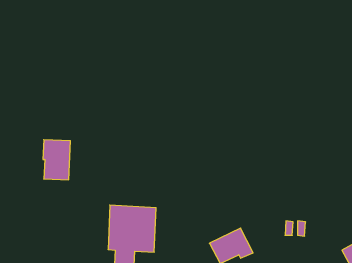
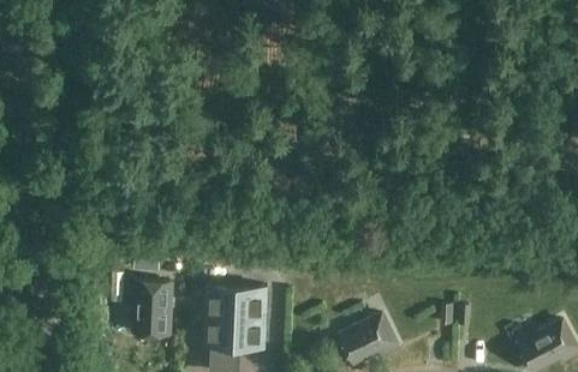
building: [43,140,70,180] -> [133,280,171,334]

